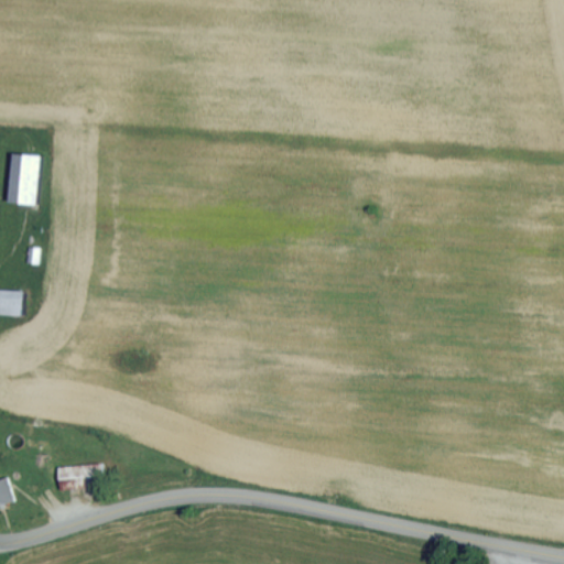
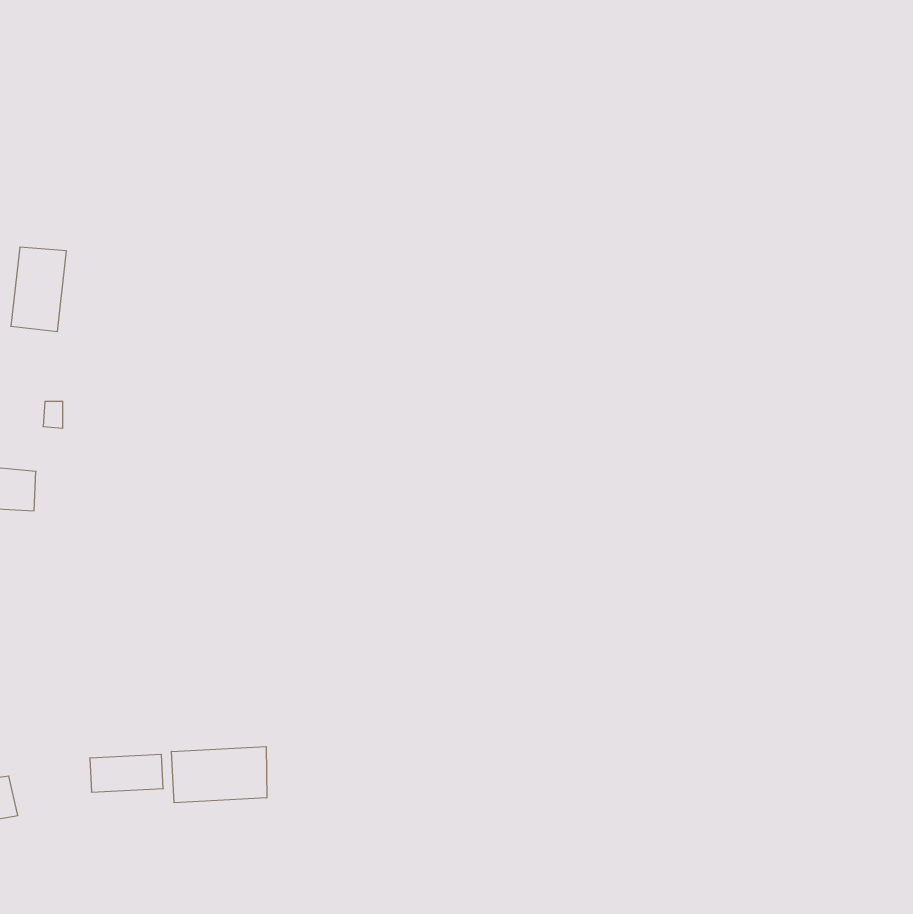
building: none -> [171,747,267,803]

